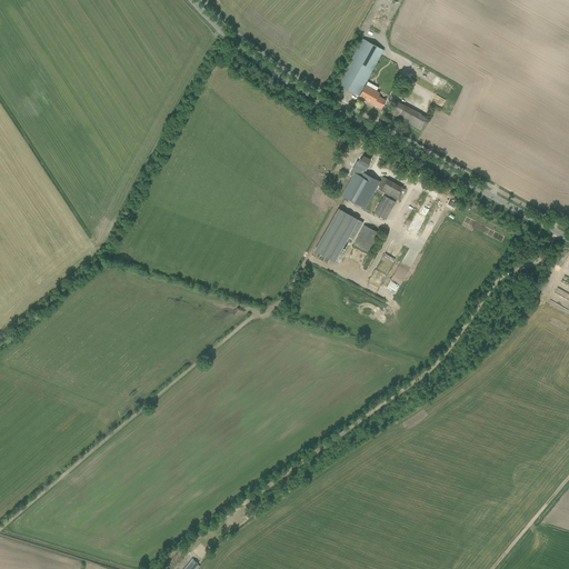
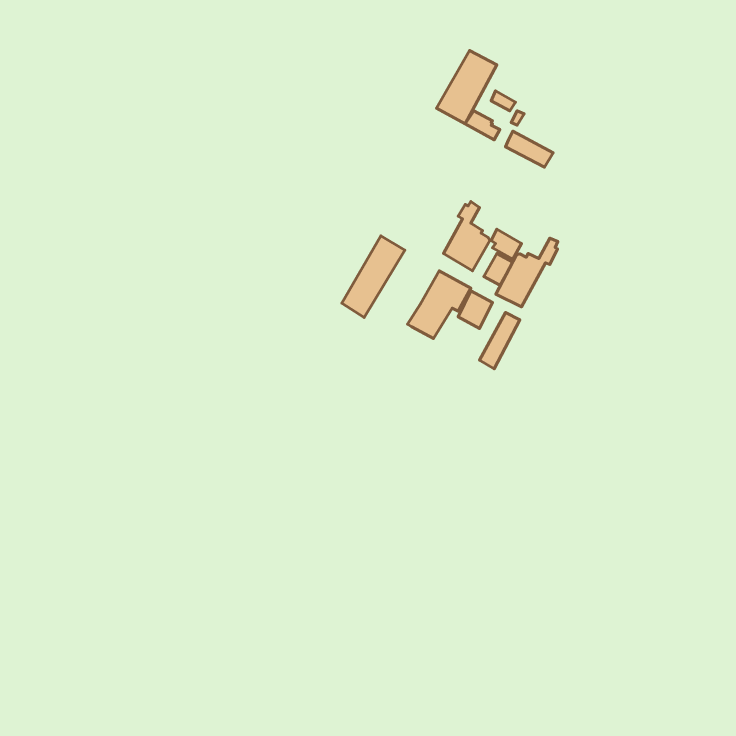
building: none -> [342,236,405,317]
building: none -> [496,238,558,307]

